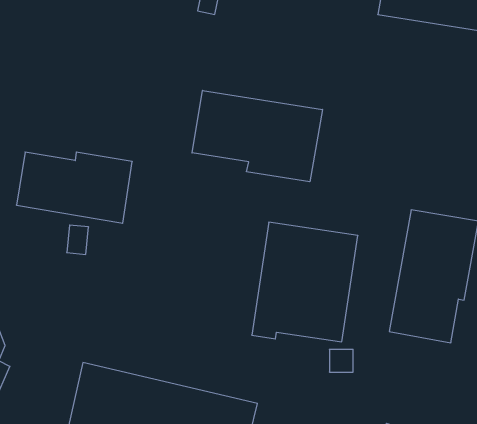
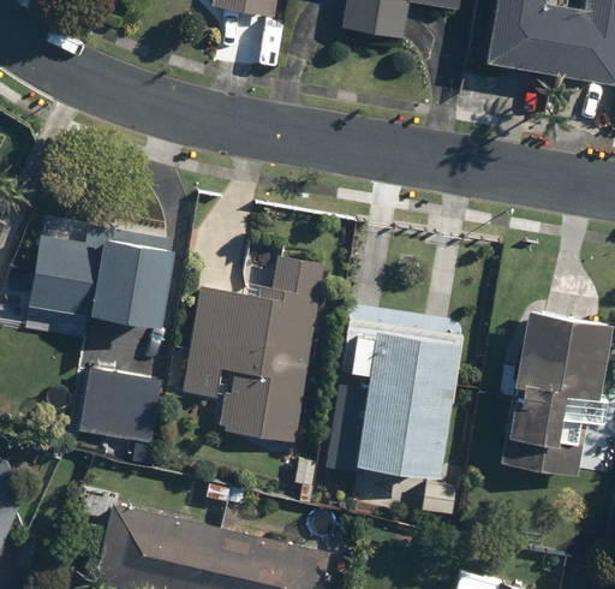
building: [192,90,322,182] -> none
building: none -> [184,257,323,442]
building: none -> [79,369,161,444]

